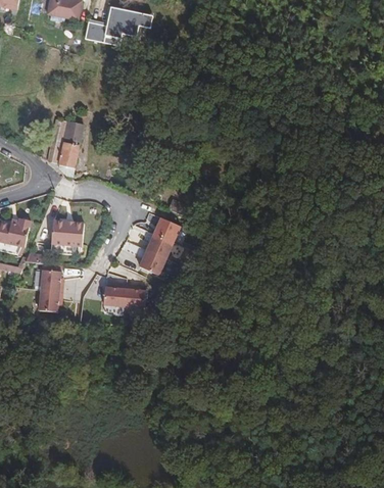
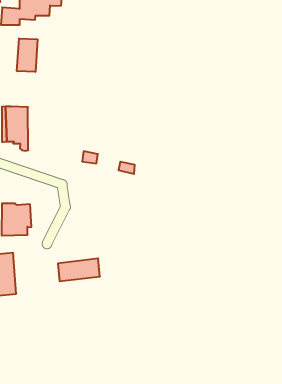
building: none -> [17,38,37,72]
building: [135,217,181,278] -> none

